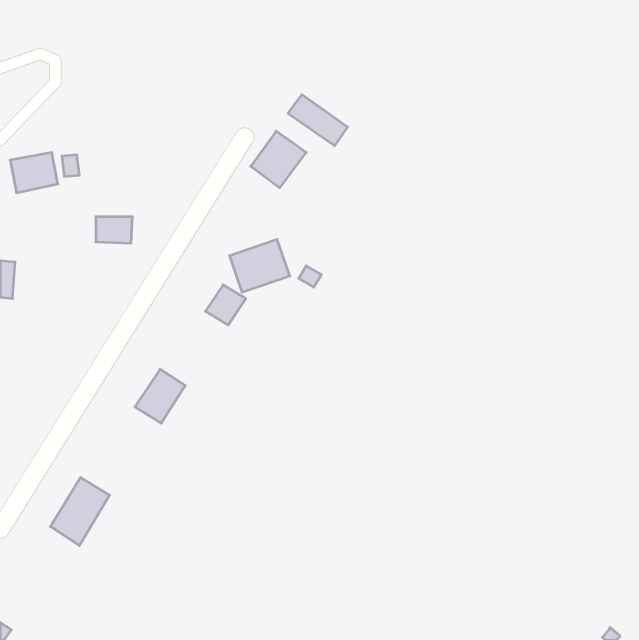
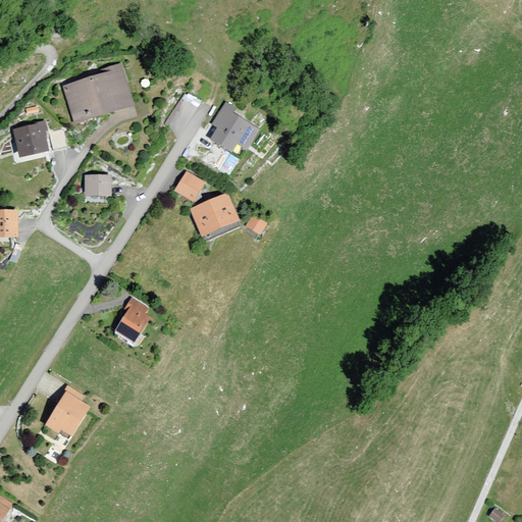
building: none -> [61,68,135,120]
building: [288,95,348,146] -> none
building: [205,285,246,325] -> [171,170,204,203]

